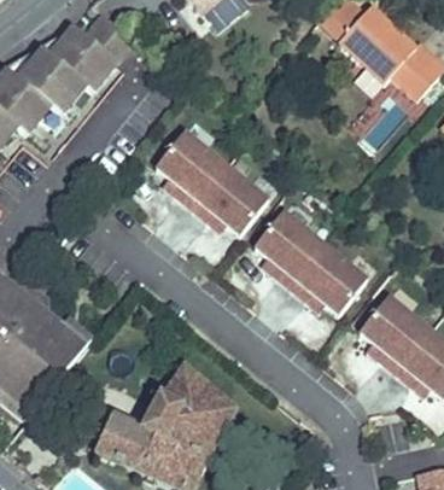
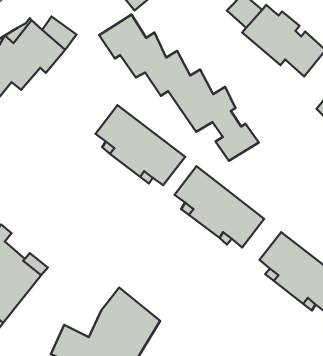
building: none -> [99,15,259,161]

